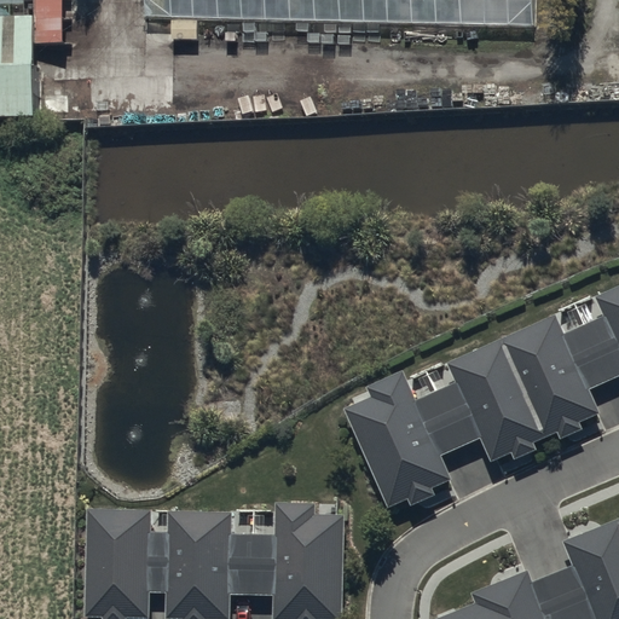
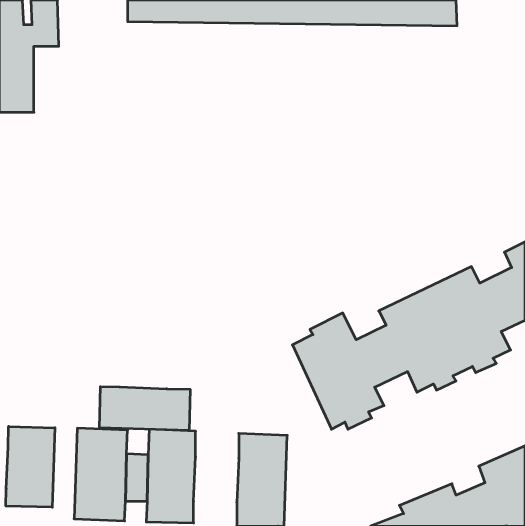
building: none -> [99,387,190,430]
building: none -> [6,426,55,507]
building: [227,537,280,590] -> none

